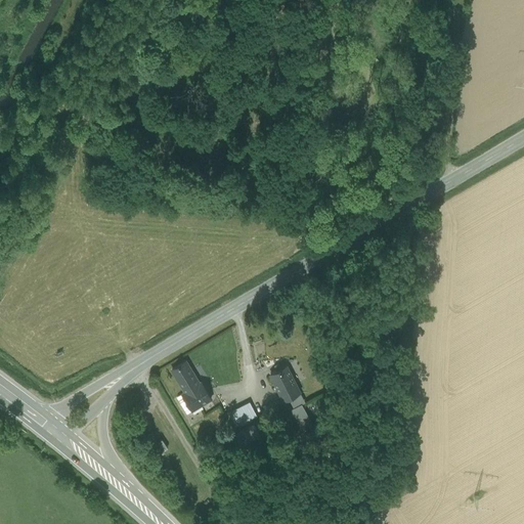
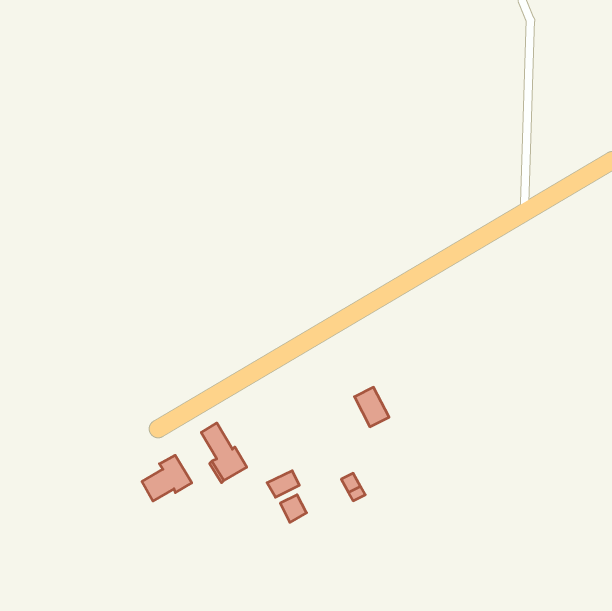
building: [270,367,300,401] -> [354,387,389,427]
building: none -> [142,455,192,501]

